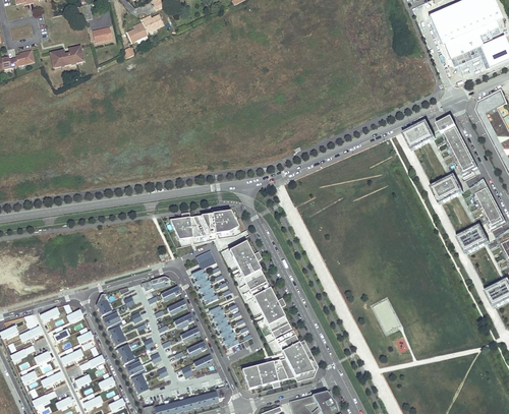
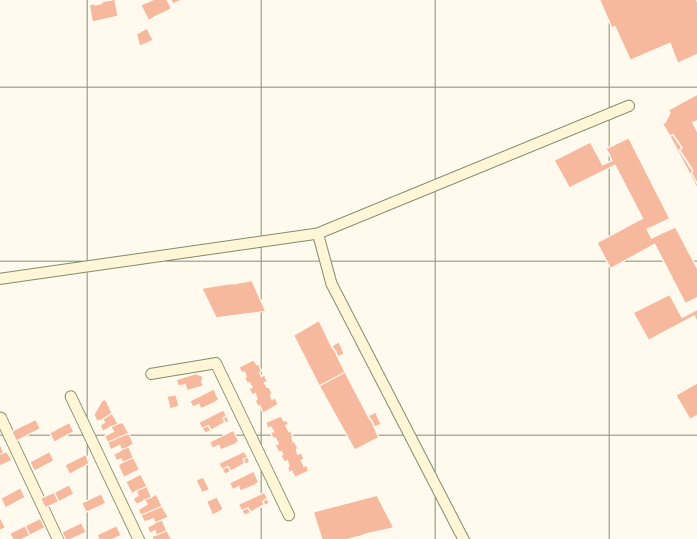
building: [51,45,84,67] -> none
building: [202,210,238,234] -> none
building: [270,318,315,378] -> none

